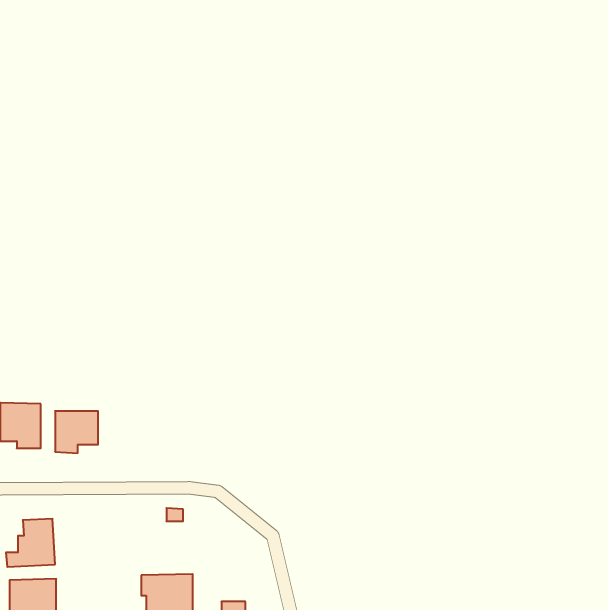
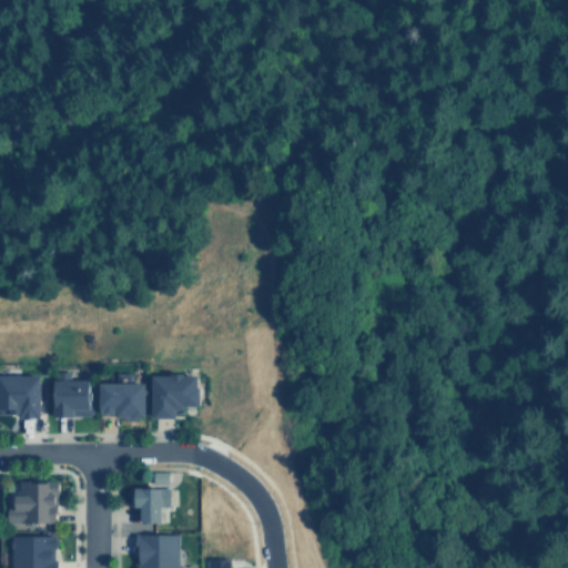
building: none -> [153,376,201,419]
building: none -> [99,385,146,419]
building: none -> [131,489,175,521]

